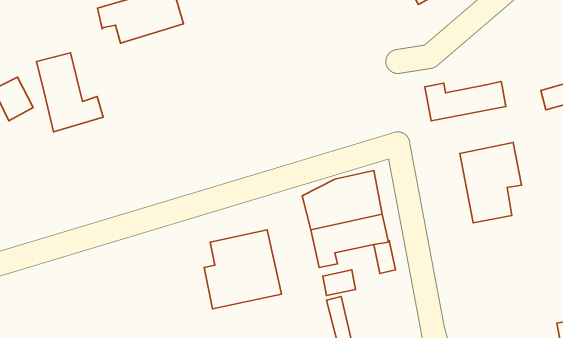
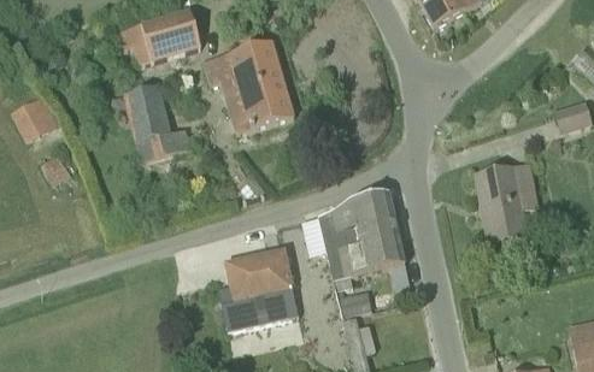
building: none -> [205,40,294,129]
building: [36,53,103,132] -> [124,84,190,163]
building: [425,81,506,121] -> none

